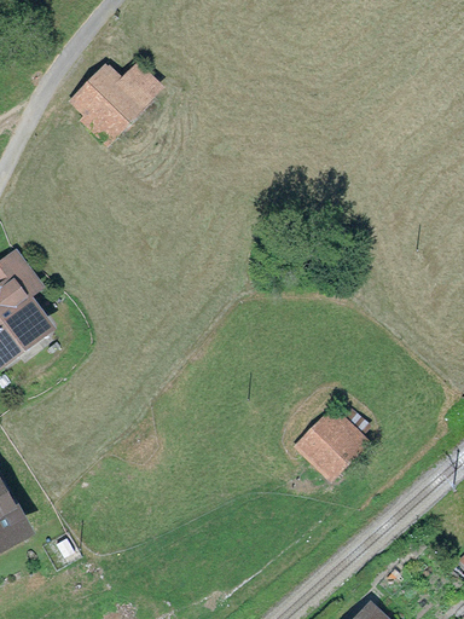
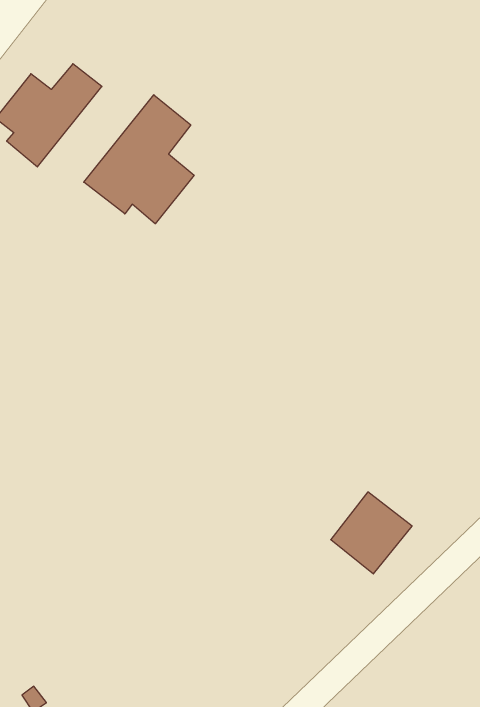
building: none -> [84,95,194,224]

